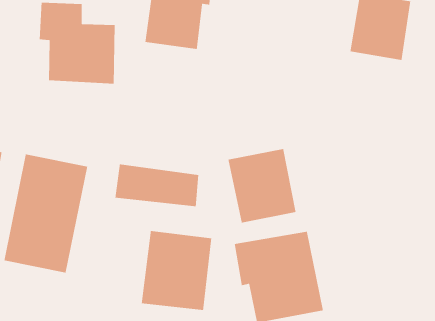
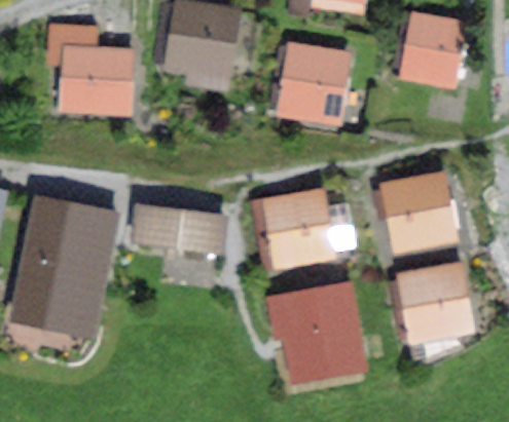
building: none -> [277,42,351,125]
building: none -> [380,170,459,255]
building: none -> [396,262,475,343]
building: [141,230,212,311] -> none

